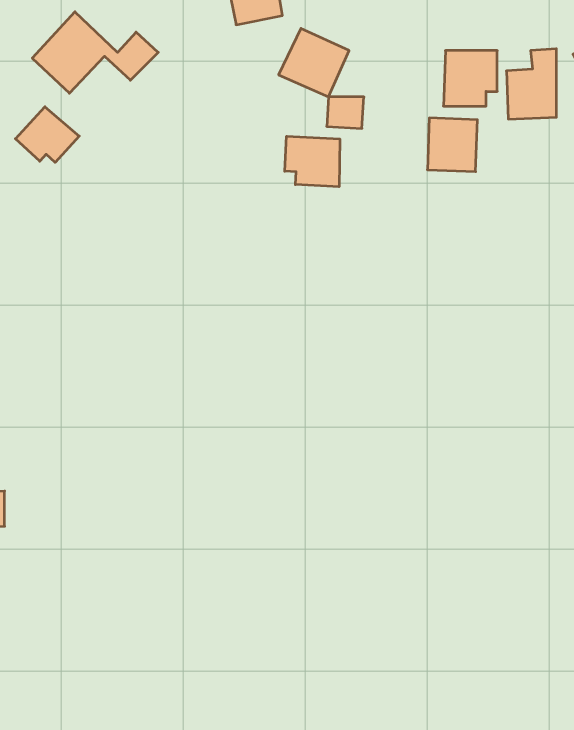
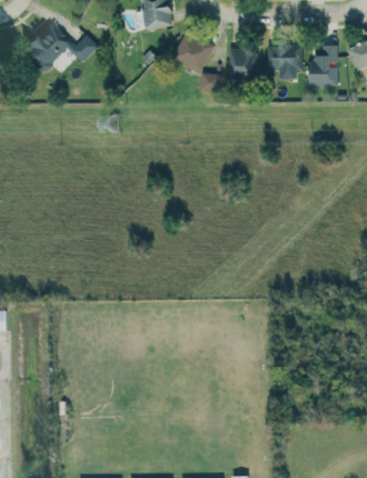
building: [15,107,79,162] -> none
building: [427,118,477,172] -> [228,49,258,81]
building: [285,136,340,187] -> none

